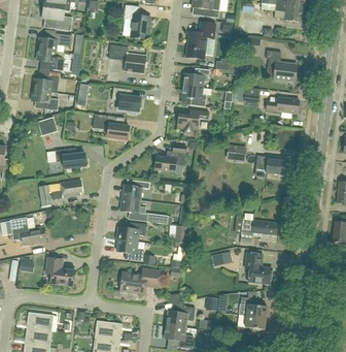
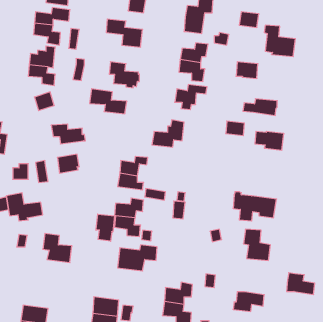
building: [265,97,299,114] -> [243,99,277,115]
building: none -> [96,214,115,241]
building: [238,296,266,318] -> [287,273,315,295]
building: [26,312,53,331] -> none

